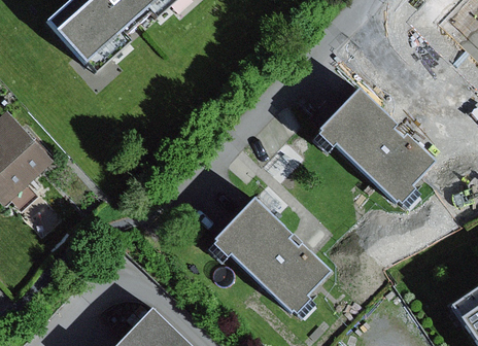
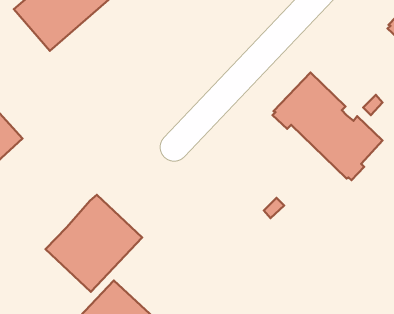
building: [213,200,330,313] -> none
building: none -> [45,195,142,292]

